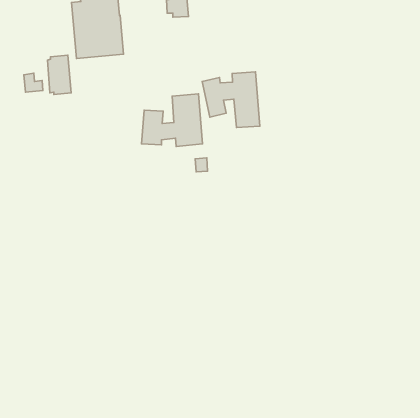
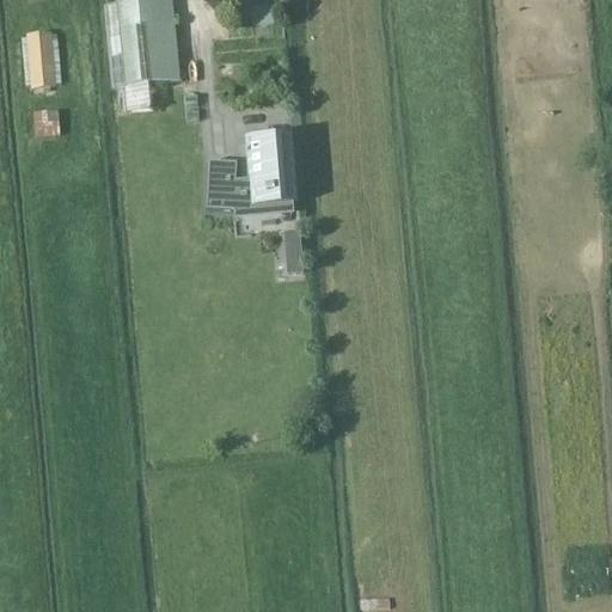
building: [47,55,71,95] -> [25,27,60,85]
building: [202,72,260,128] -> none

